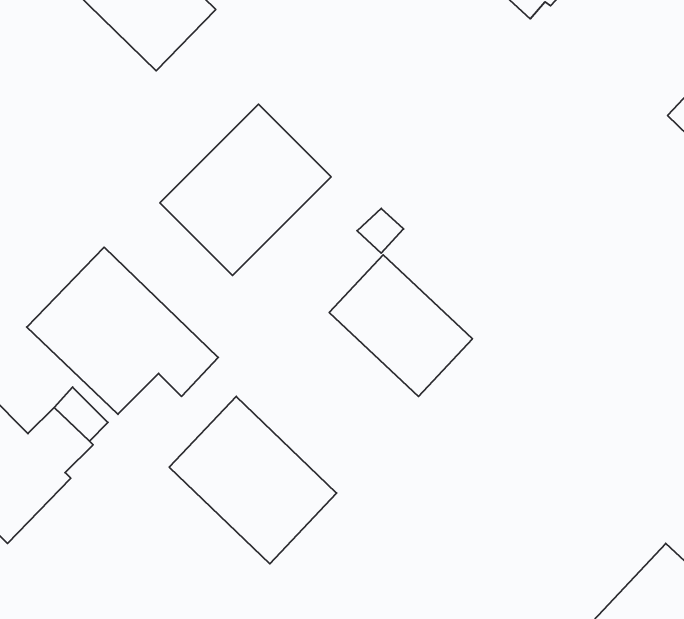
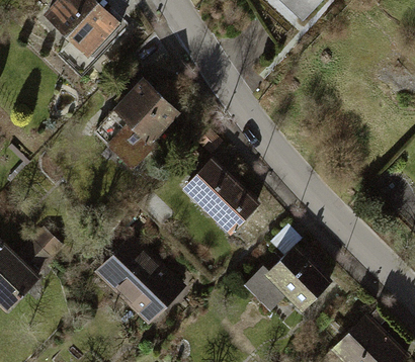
building: [27,247,218,414] -> none
building: none -> [244,241,335,312]

